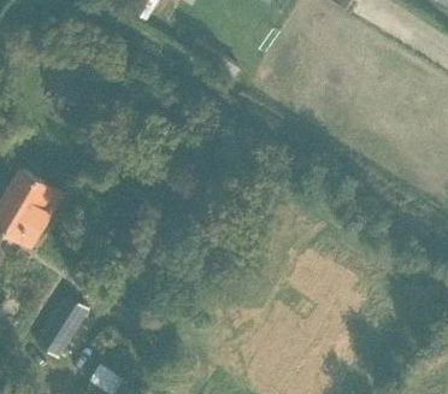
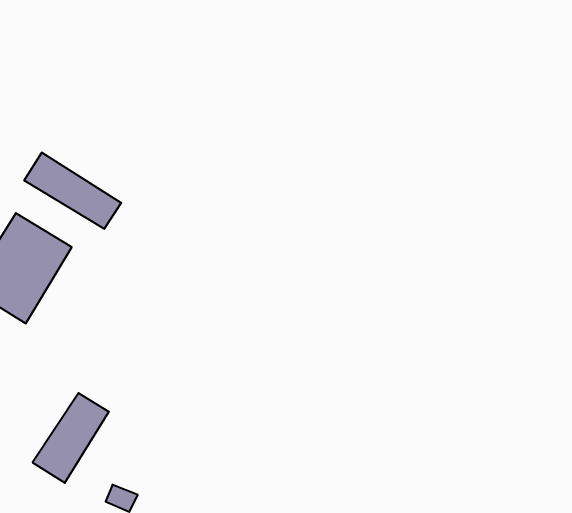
building: none -> [24,152,121,229]

